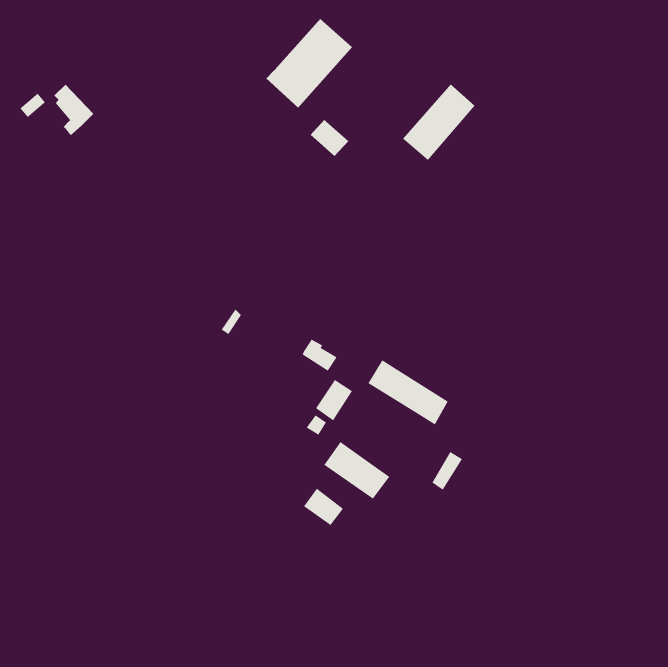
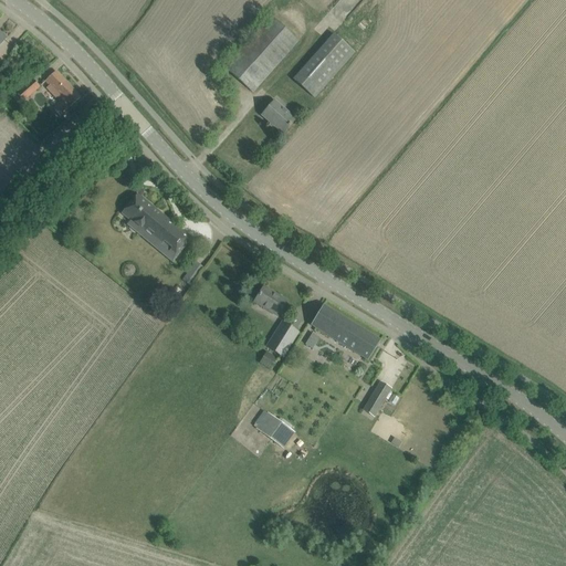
building: [402,84,475,161] -> [292,32,354,97]
building: none -> [123,195,191,256]
building: [323,441,390,499] -> none

